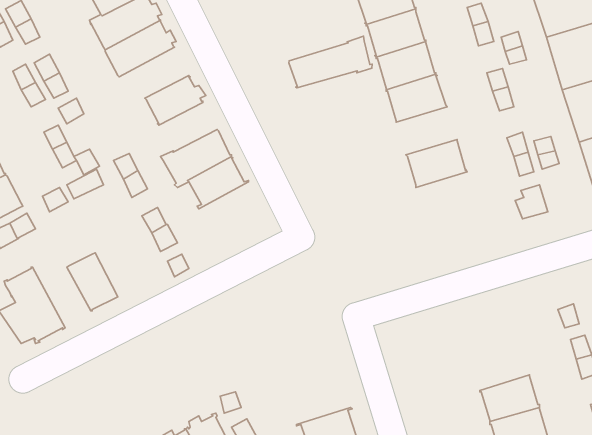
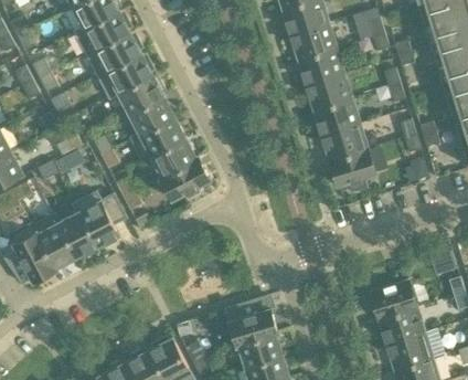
building: [289,36,372,88] -> none
building: none -> [97,52,152,98]
building: none -> [128,95,173,134]
building: none -> [312,98,360,136]
building: none -> [328,149,375,190]
building: none -> [159,157,210,200]
building: none -> [72,191,126,246]
building: none -> [30,213,75,271]
building: none -> [369,279,416,319]
building: none -> [224,300,277,346]

